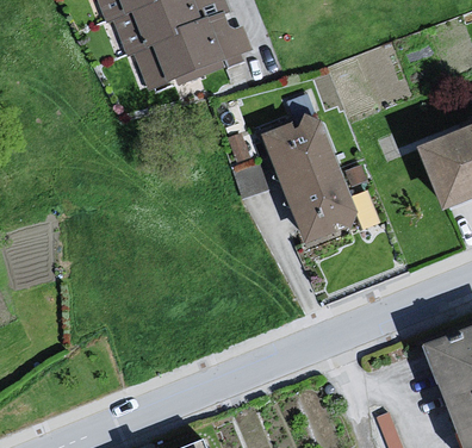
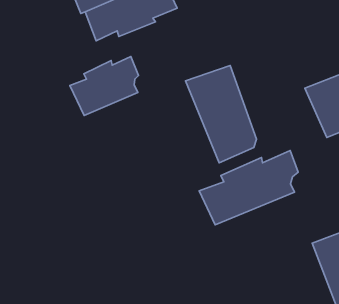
building: none -> [70,56,139,116]
building: none -> [199,151,298,225]

